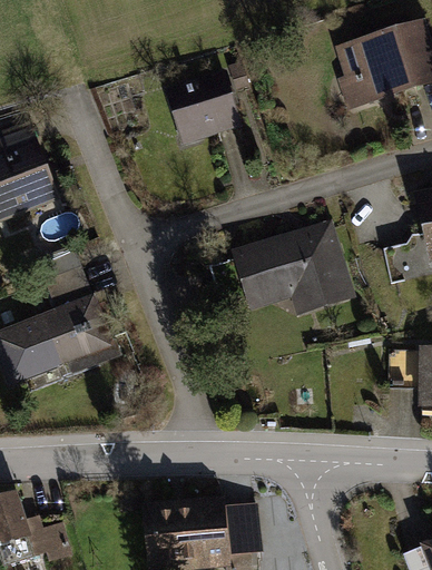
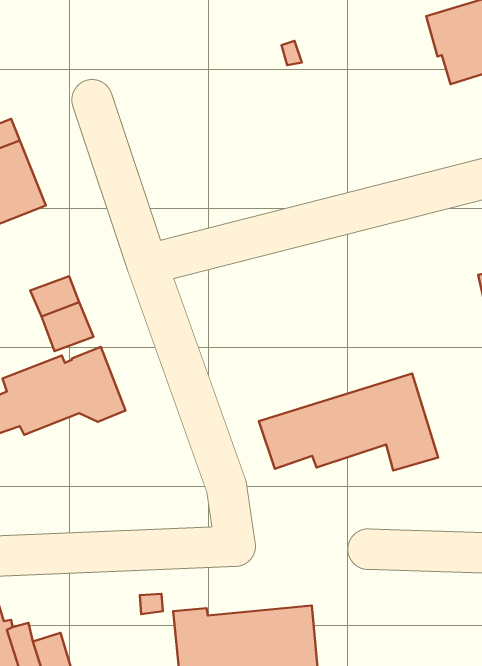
building: [168,76,238,134] -> none
building: [209,230,347,305] -> [259,374,438,470]

